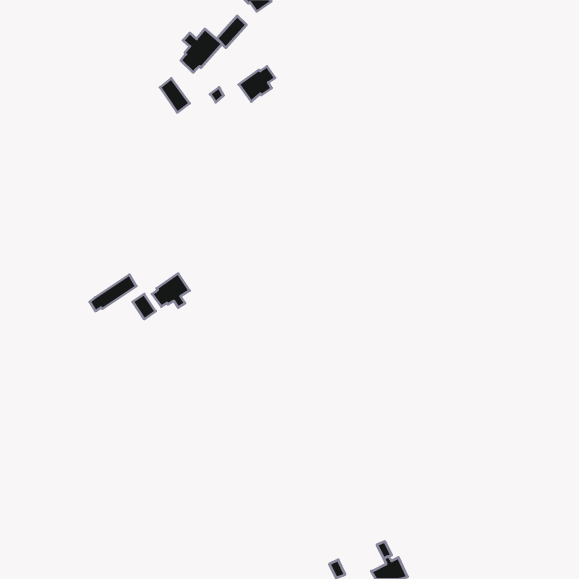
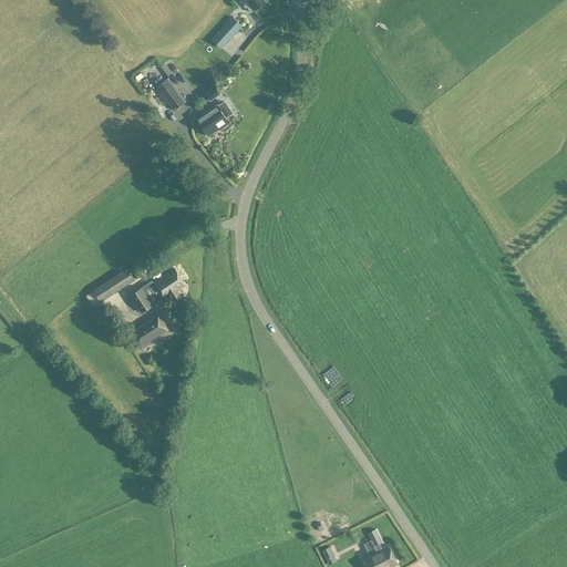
building: [181,29,222,72] -> none
building: [239,66,275,102] -> [196,101,231,135]
building: none -> [131,313,169,349]

